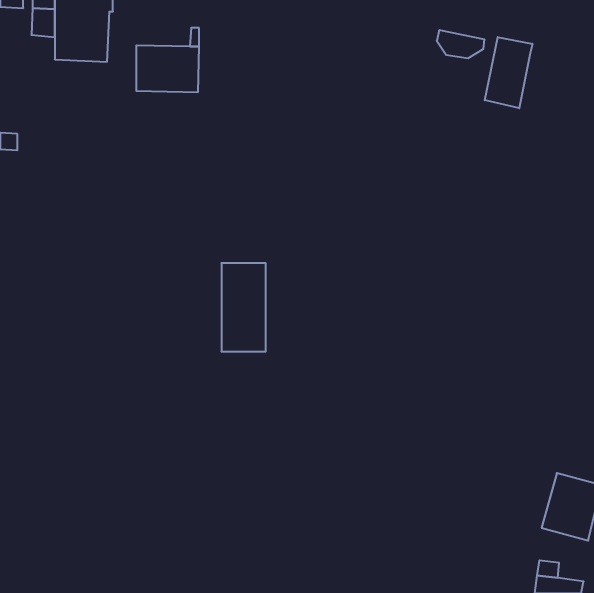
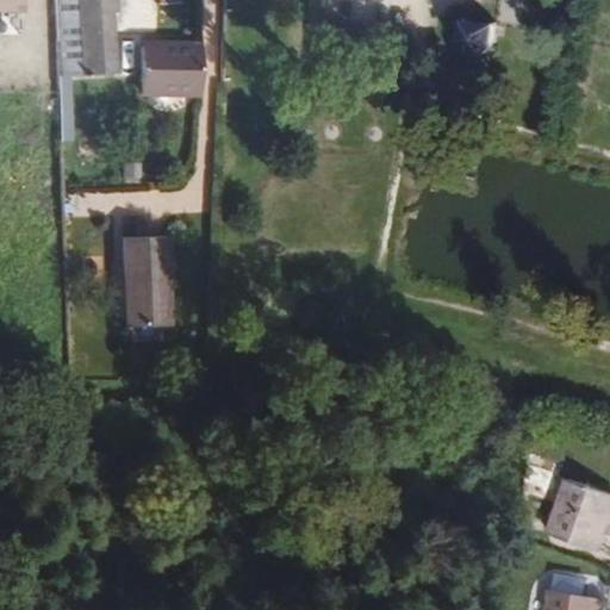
building: [485,37,532,108] -> none
building: [221,263,266,352] -> [129,237,174,328]

